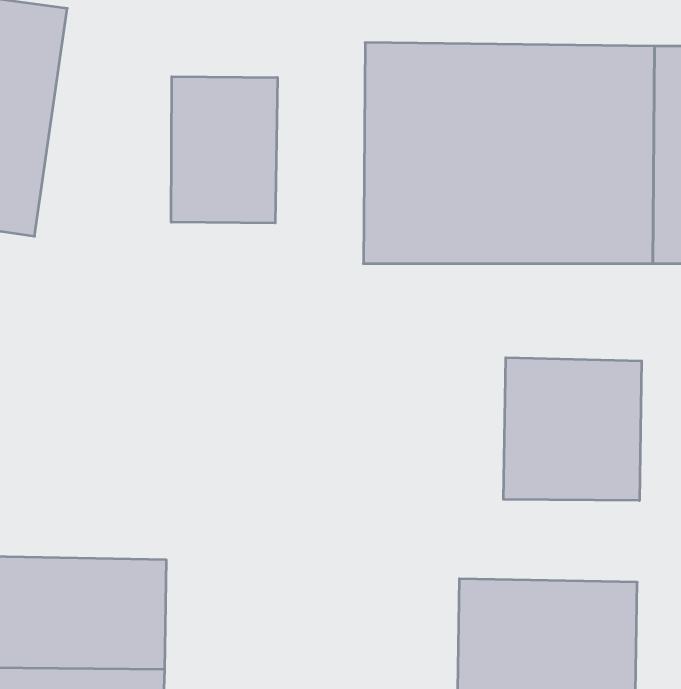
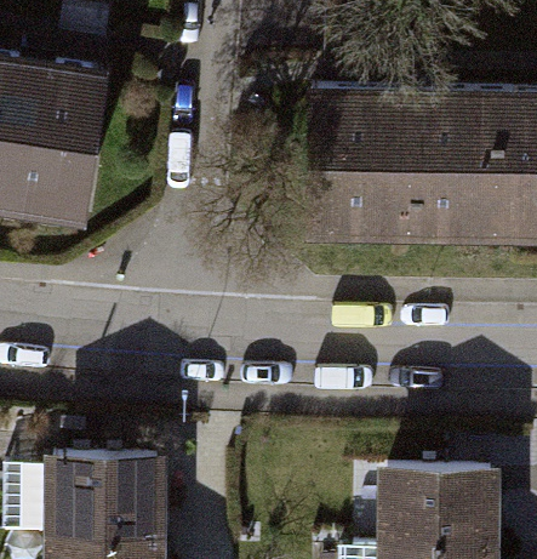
building: [171,77,277,223] -> none
building: [503,358,642,501] -> none

